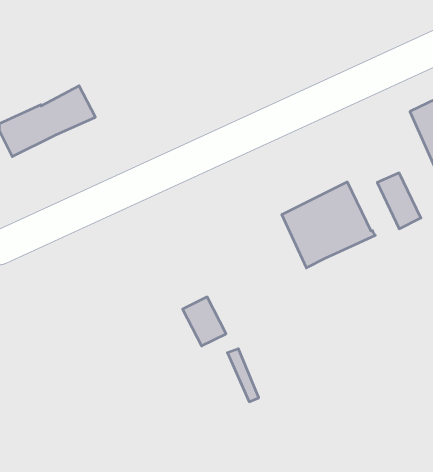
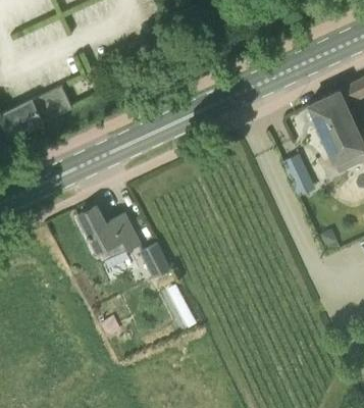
building: [282,182,375,268] -> none
building: none -> [77,207,140,255]

